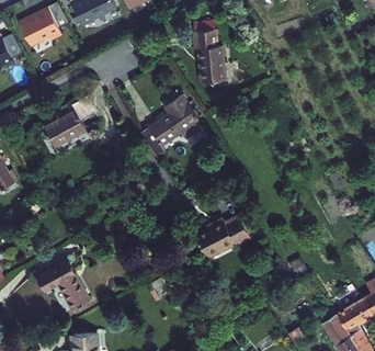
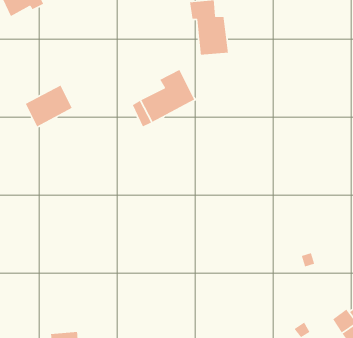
building: [197,213,252,257] -> none
building: [39,259,88,309] -> none

